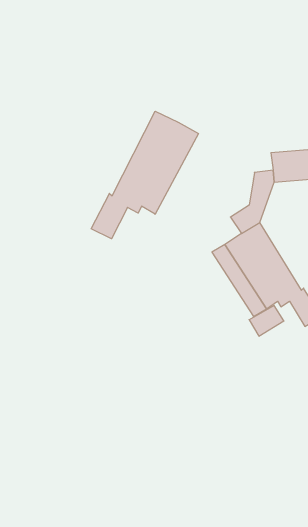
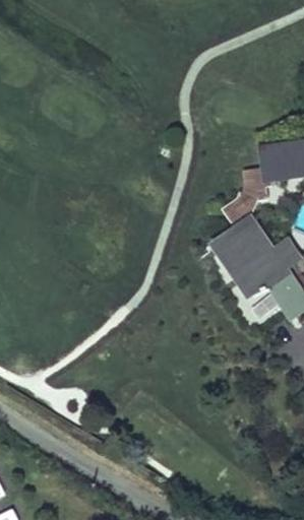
building: [91,111,198,239] -> none

